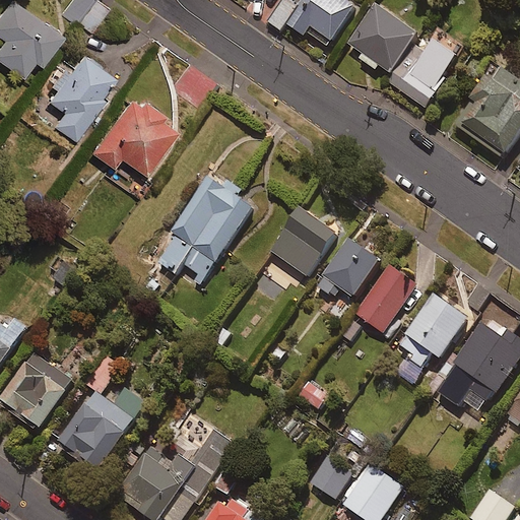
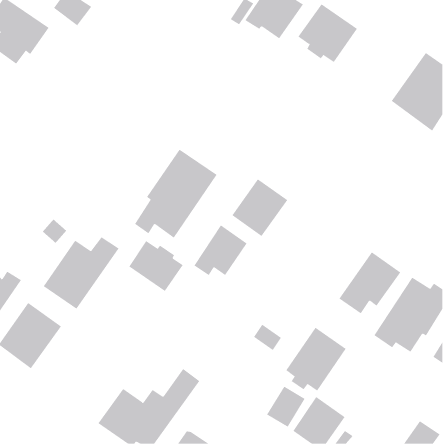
building: [388,28,461,109] -> none
building: [46,52,110,138] -> none
building: [88,91,176,173] -> none
building: [316,238,379,298] -> [193,224,247,276]
building: [355,265,417,333] -> none
building: none -> [129,240,183,292]
building: none -> [285,327,347,392]
building: [56,387,145,472] -> [43,236,119,310]

